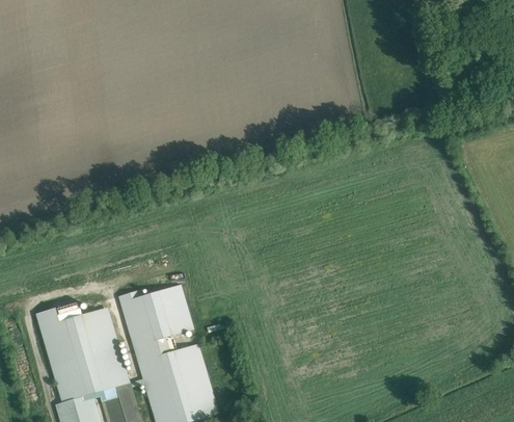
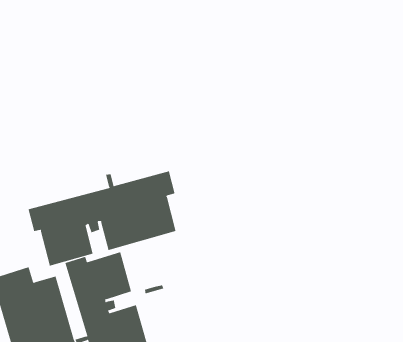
building: none -> [28,171,176,267]

